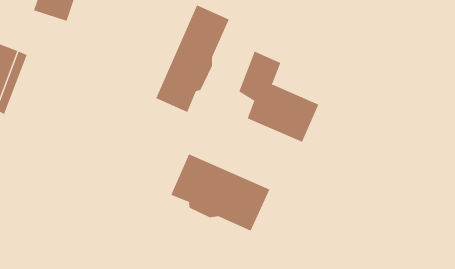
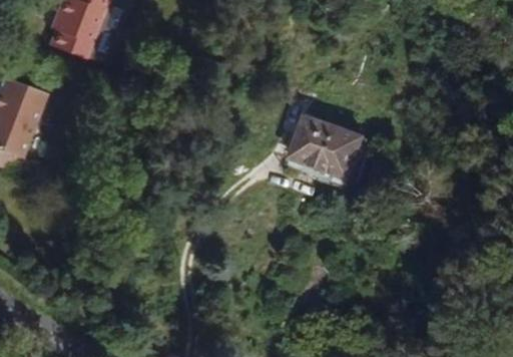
building: [155,4,229,113] -> none
building: [170,154,270,232] -> none

